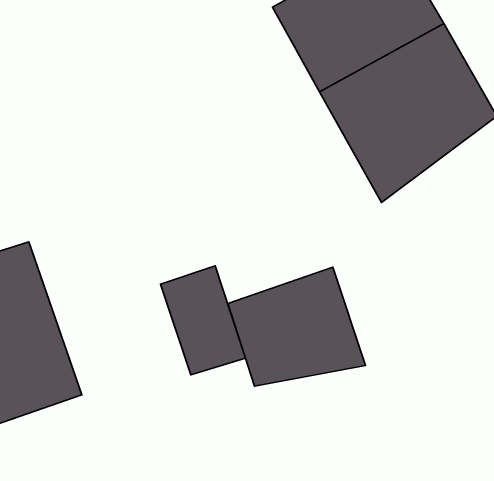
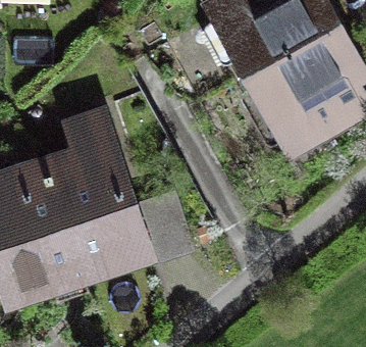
building: none -> [44,148,135,277]
building: [228,267,365,386] -> none

